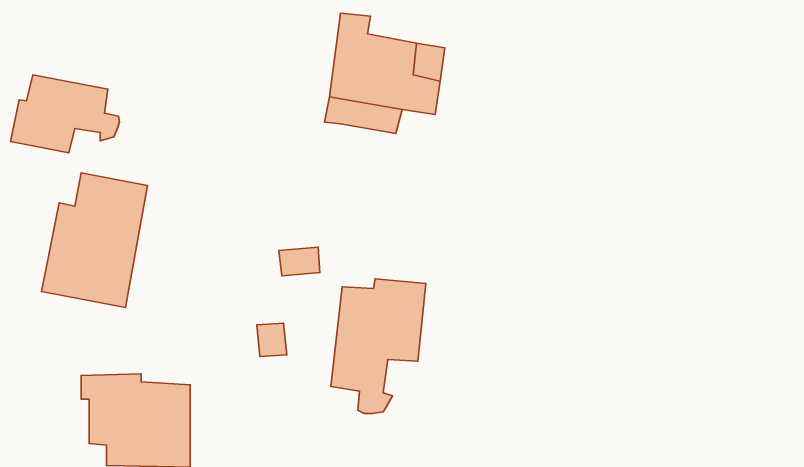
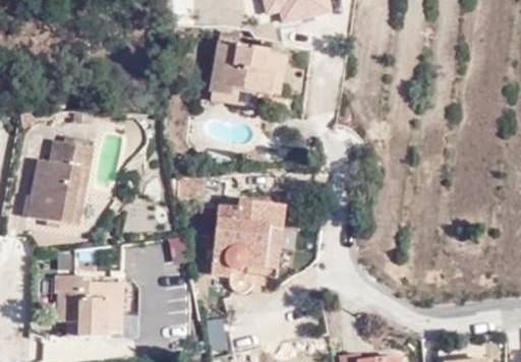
building: [11,75,119,153] -> none

